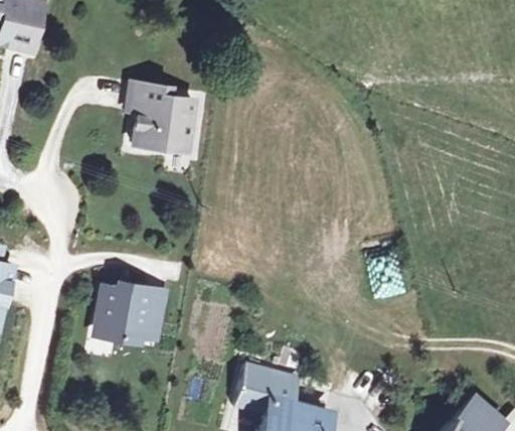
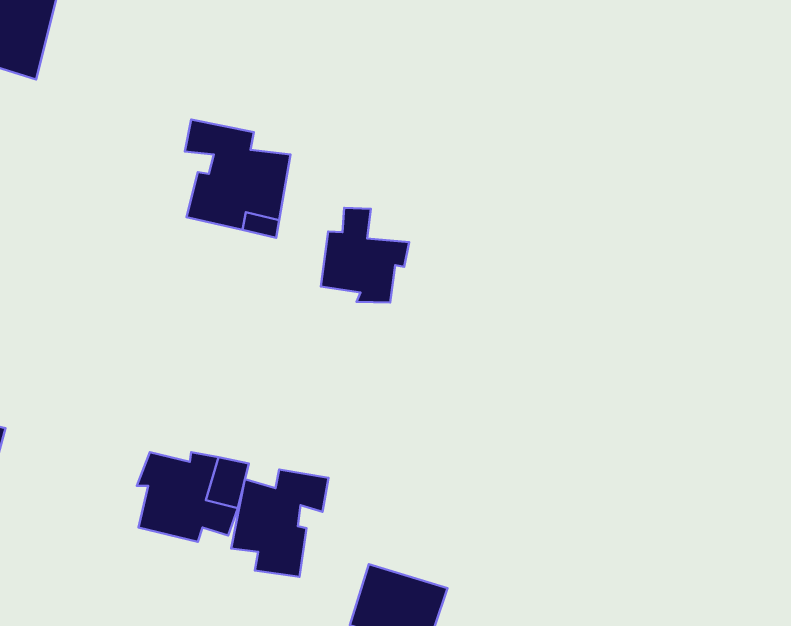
building: none -> [321,208,409,302]
building: none -> [231,469,329,577]

